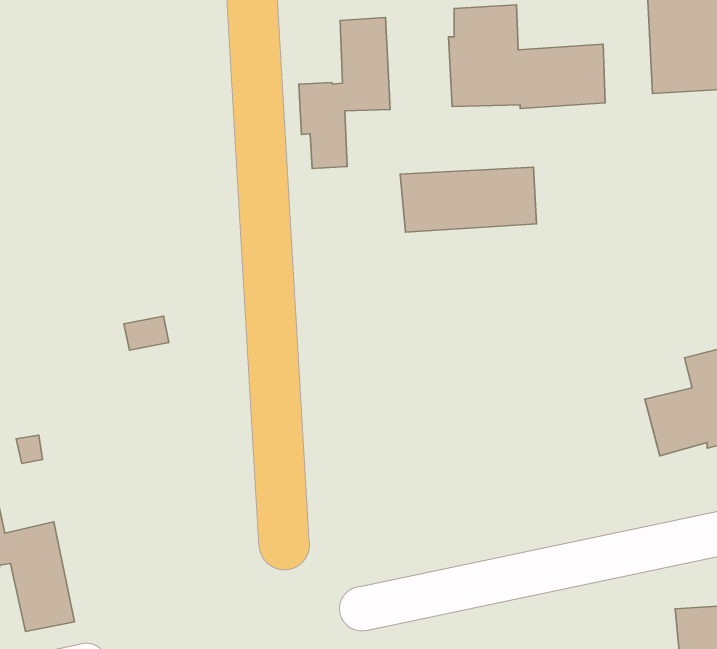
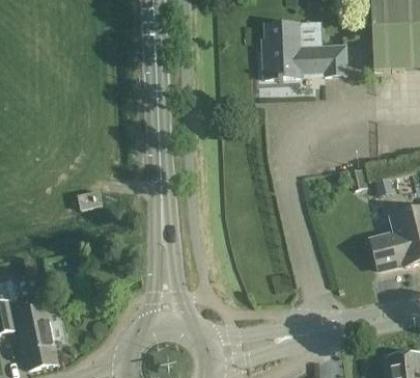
building: [299,17,390,169] -> none
building: [400,167,536,232] -> none

